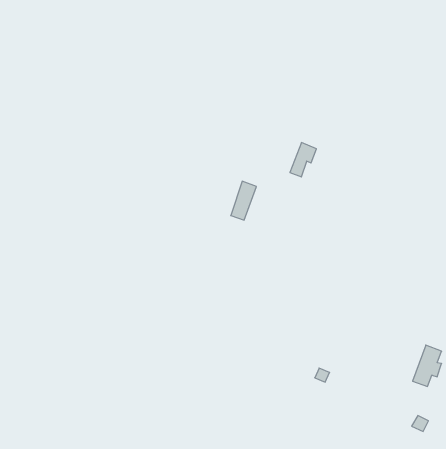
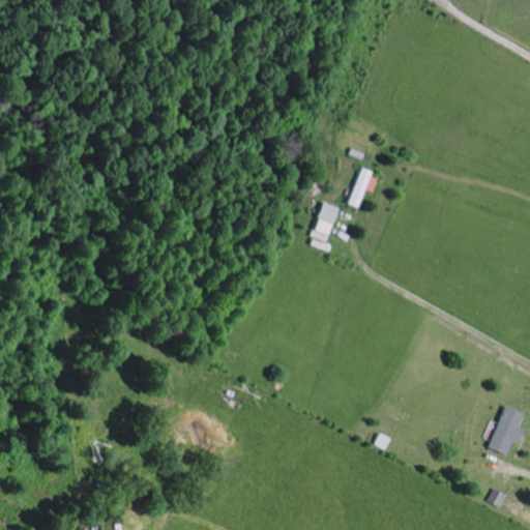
building: [231,181,256,220] -> [310,201,340,246]

